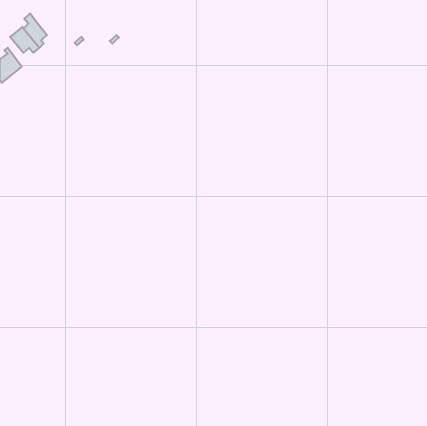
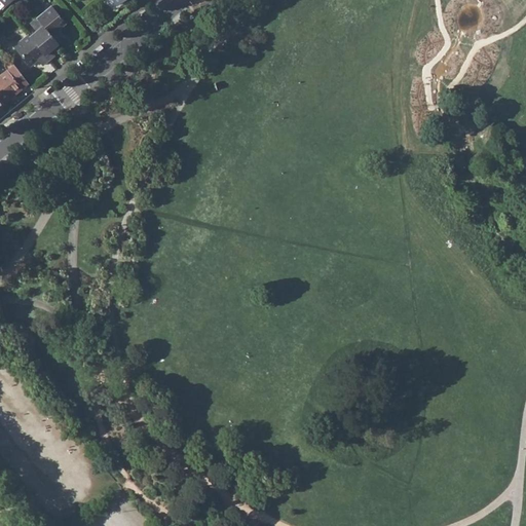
building: none -> [37,6,66,45]

